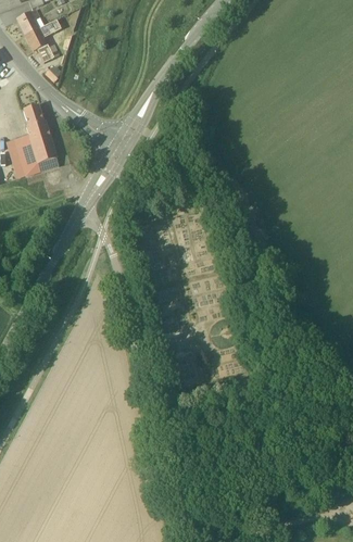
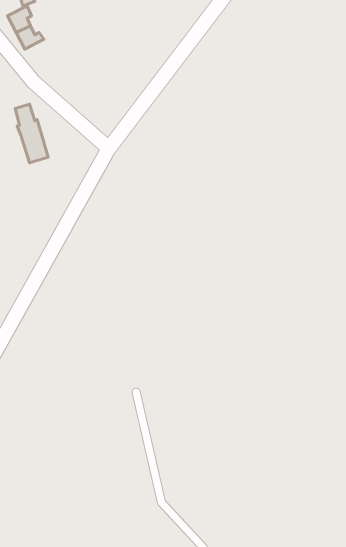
building: [14,134,59,176] -> none

